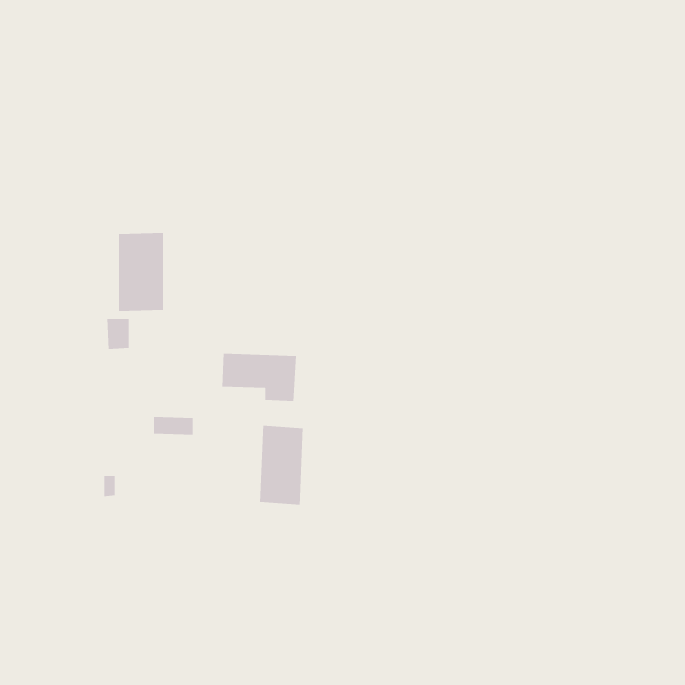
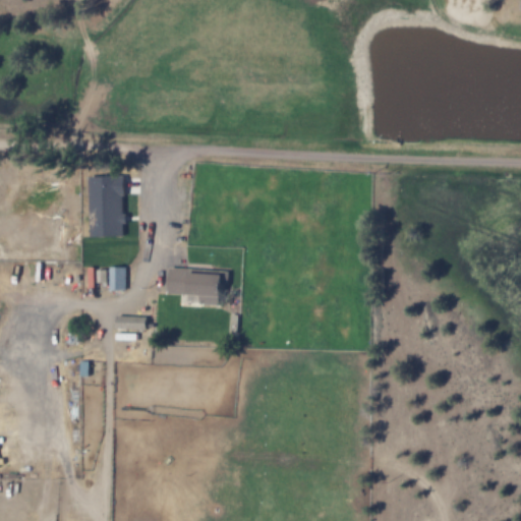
building: [107,318,129,349] -> [107,268,124,291]
building: [260,425,303,505] -> none

